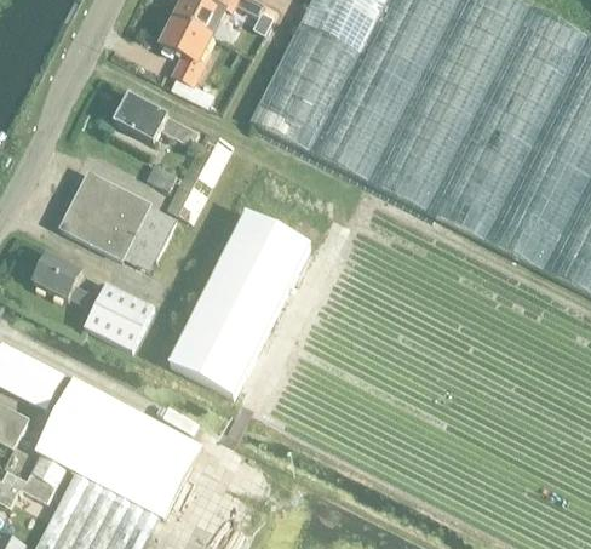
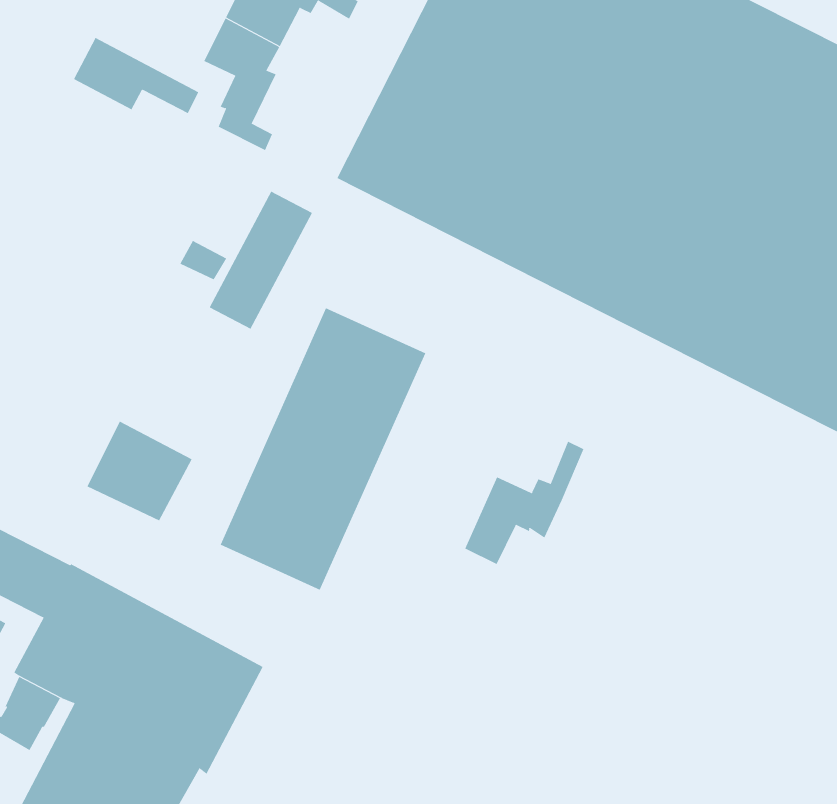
building: [115,93,199,144] -> [73,37,199,114]
building: [61,171,176,269] -> none
building: [33,252,91,303] -> none
building: none -> [464,441,584,565]

